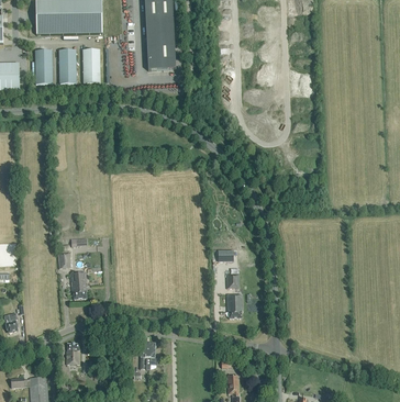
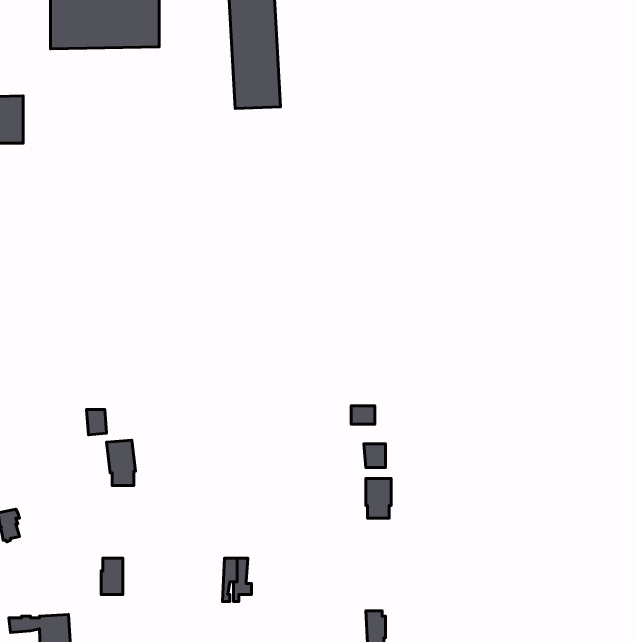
building: [58,49,76,83] -> none
building: [81,49,99,82] -> none
building: [34,51,52,85] -> none

